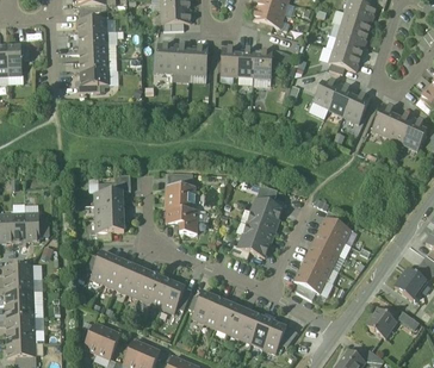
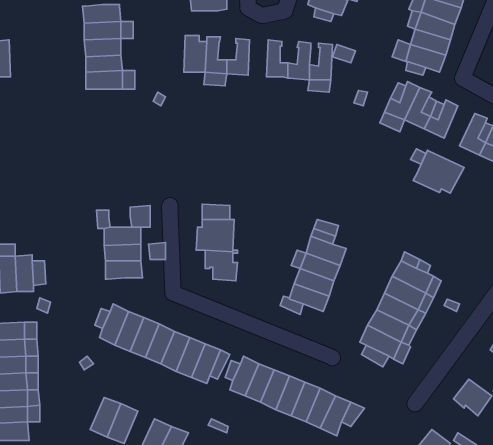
building: none -> [413,150,464,193]

